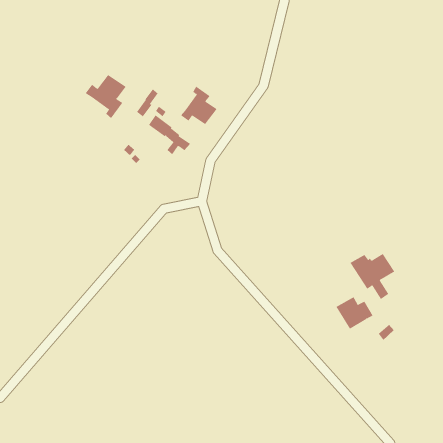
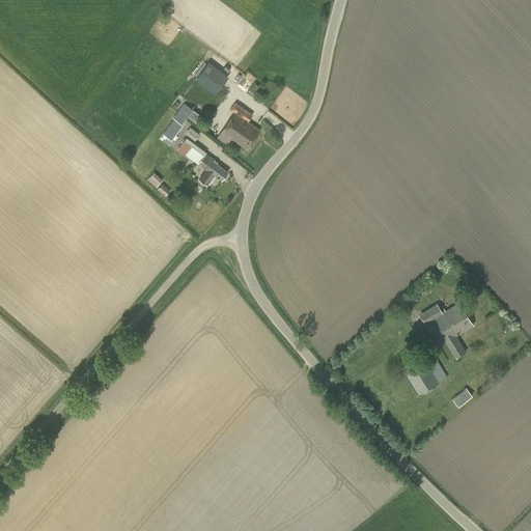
building: none -> [195,62,228,95]
building: [85,74,126,119] -> none

